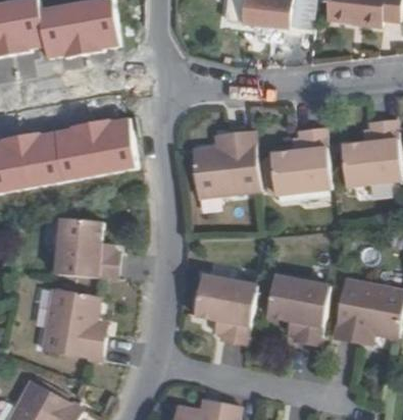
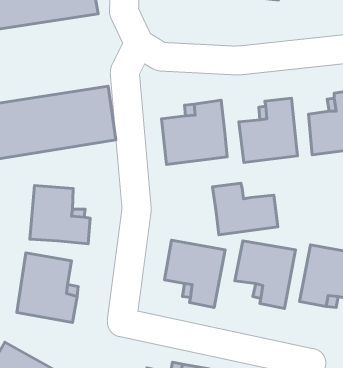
building: none -> [213,183,278,235]

